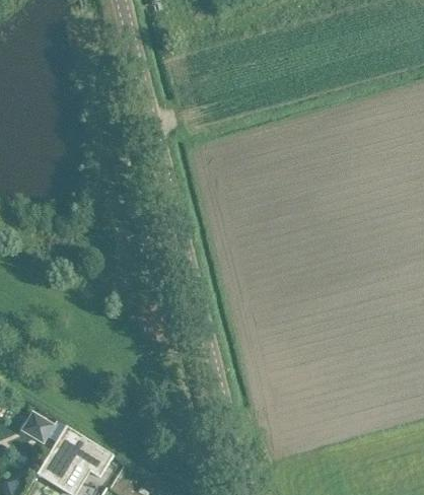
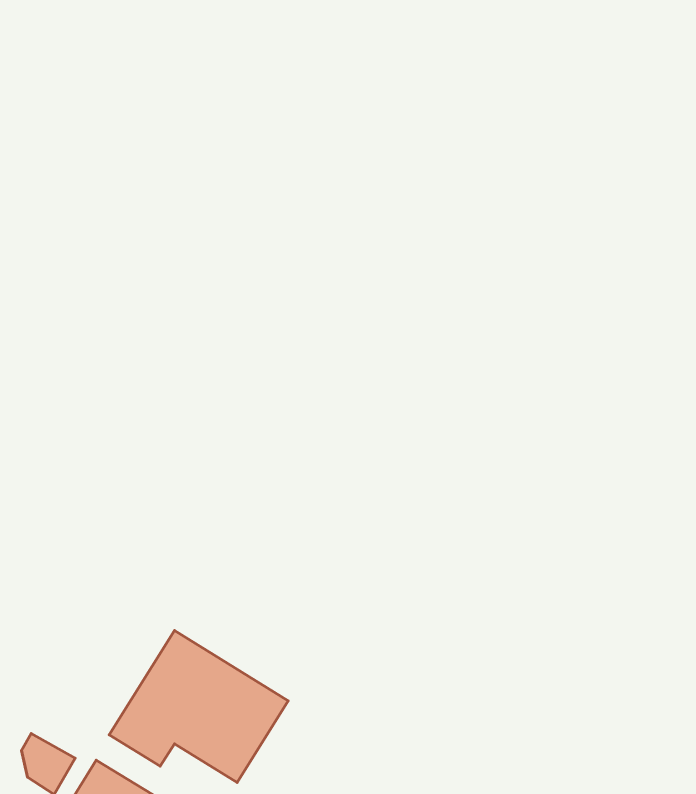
building: none -> [109,631,288,783]

